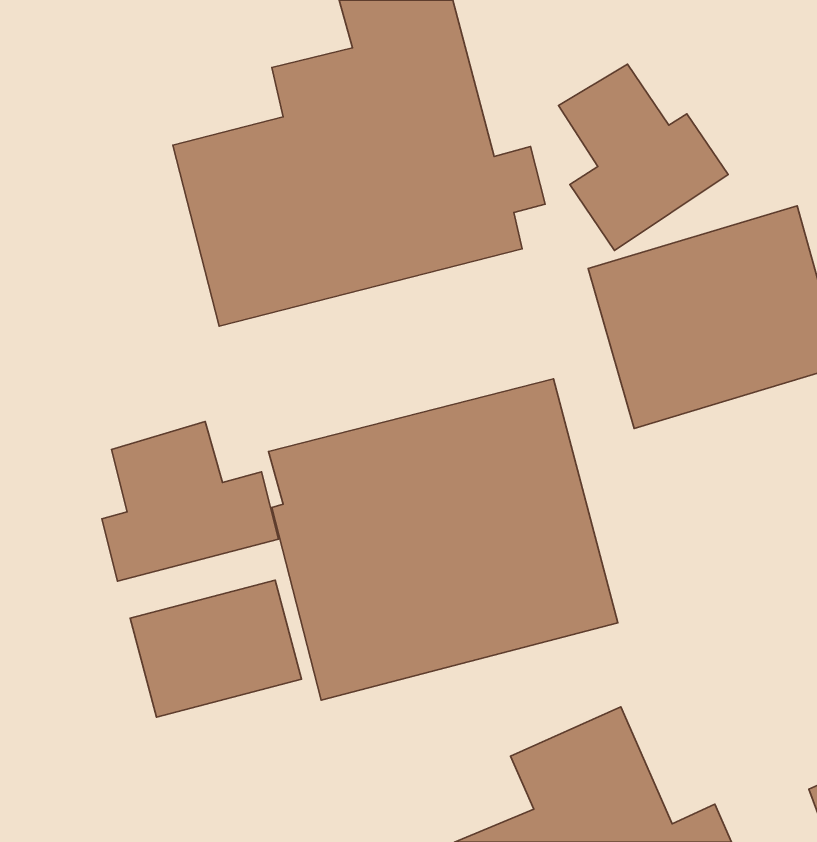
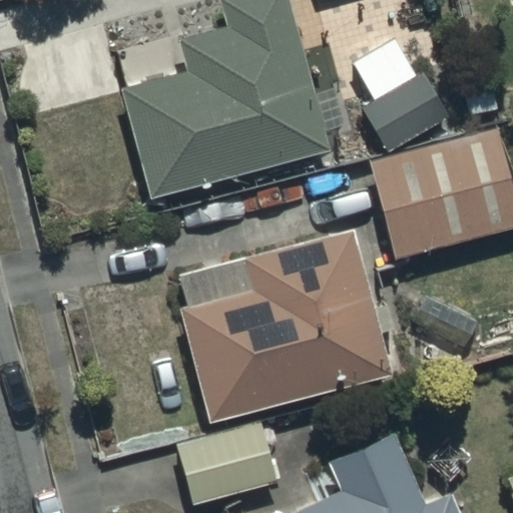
building: [102,421,279,581] -> none
building: [130,580,301,717] -> [177,422,282,505]

